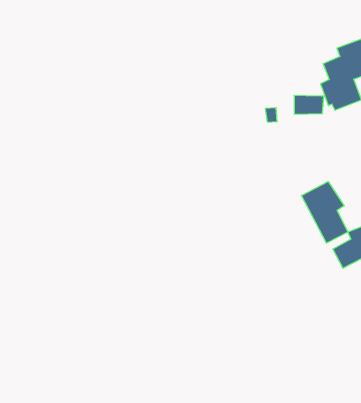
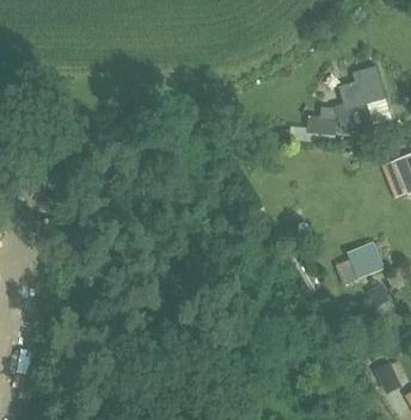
building: [301,182,348,243] -> none

